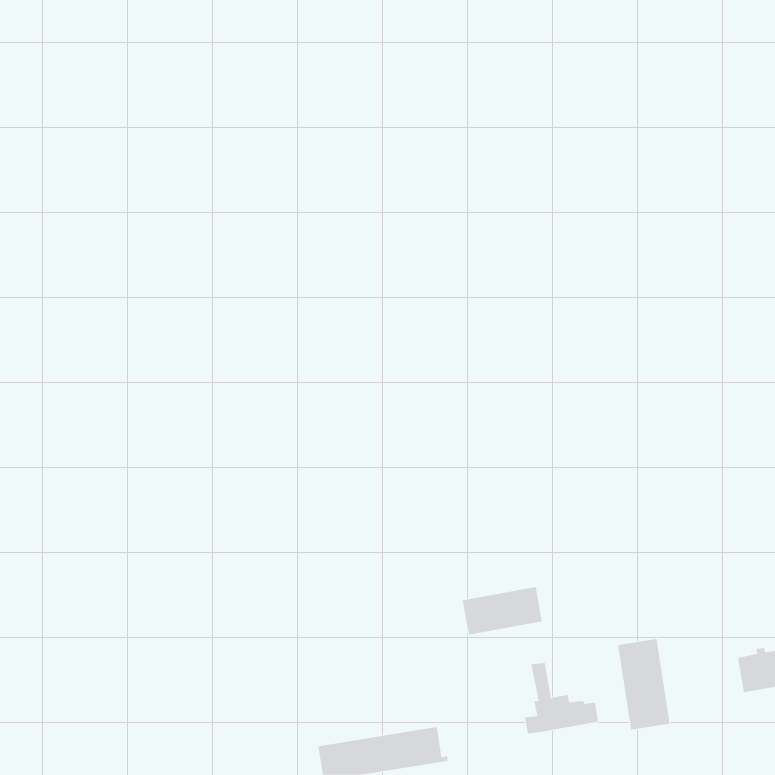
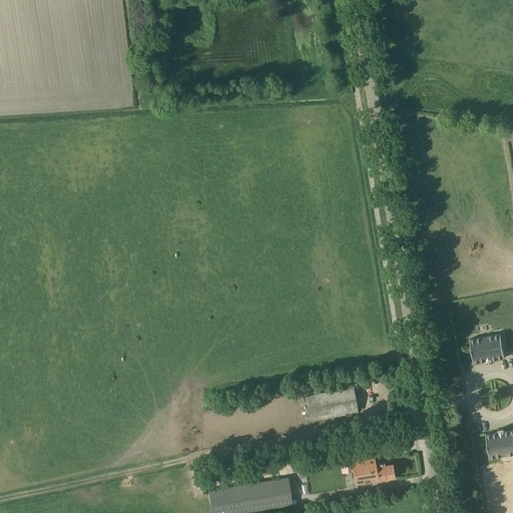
building: none -> [471,333,506,363]
building: [618,638,670,730] -> none

